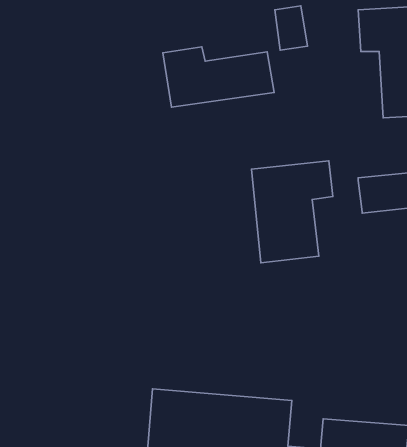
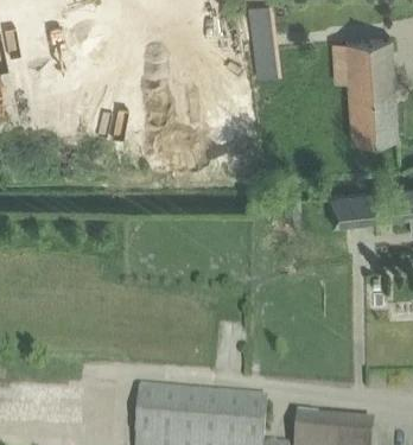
building: [163,47,274,107] -> none
building: [252,161,333,263] -> none

